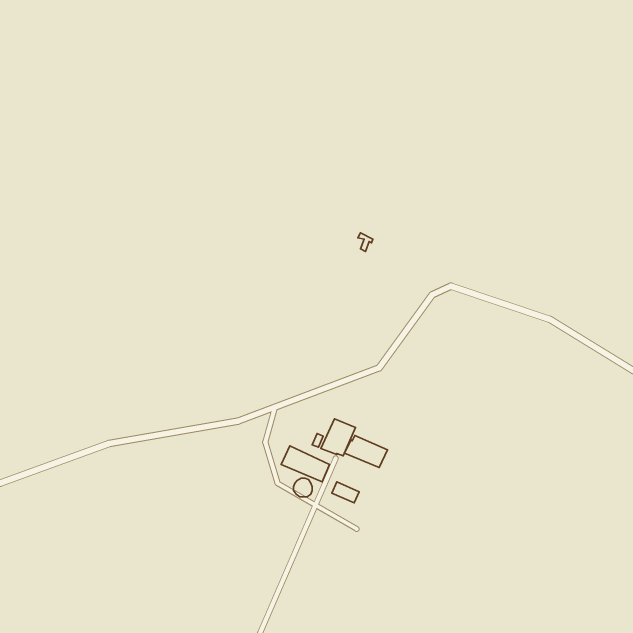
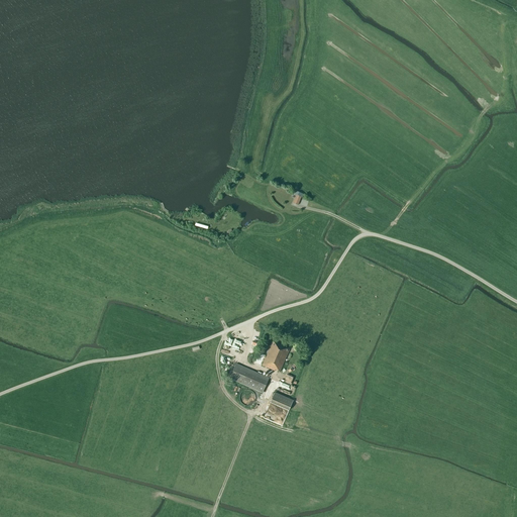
building: [345,436,388,468] -> none

